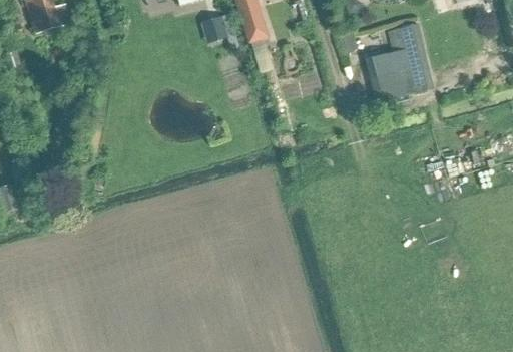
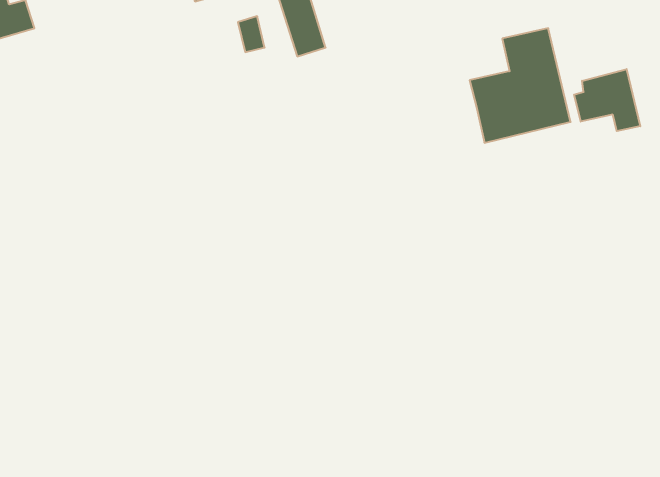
building: none -> [574,69,640,131]

